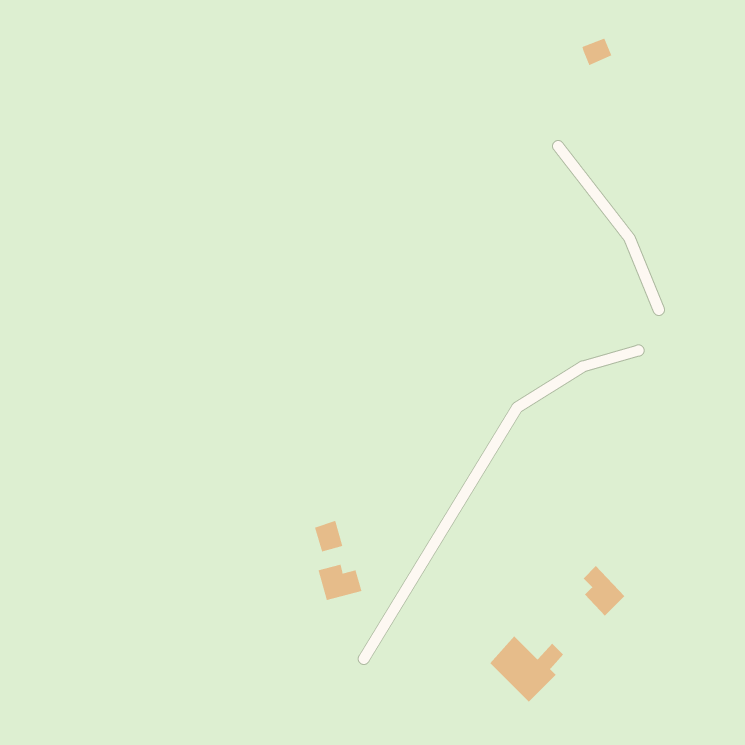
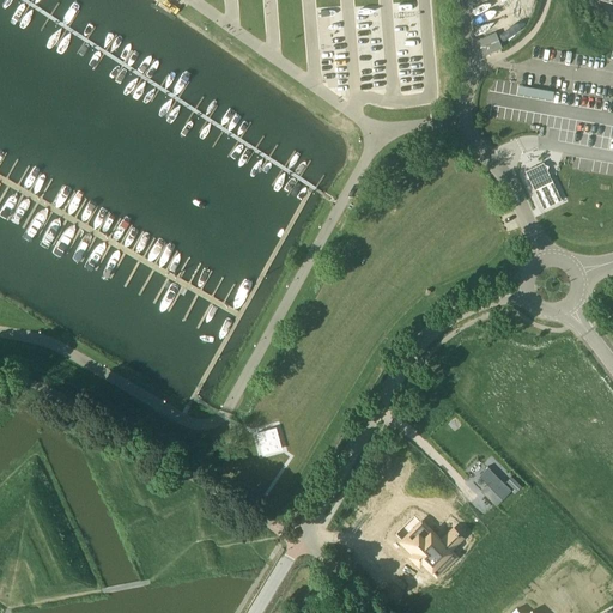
building: none -> [527,162,562,207]
building: [318,564,362,601] -> none

